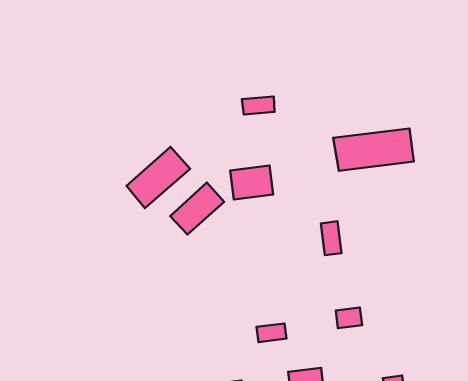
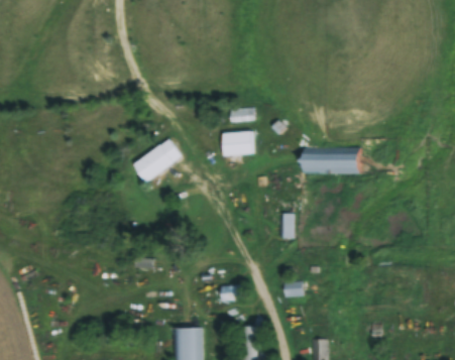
building: [230,165,273,200] -> [222,131,253,154]
building: [170,183,224,234] -> none

